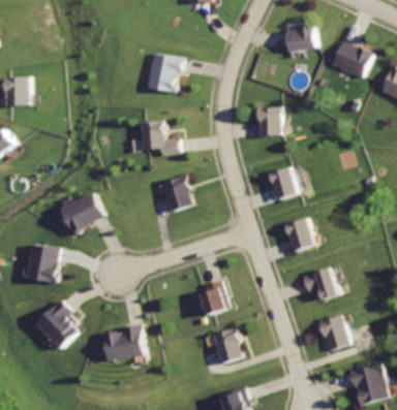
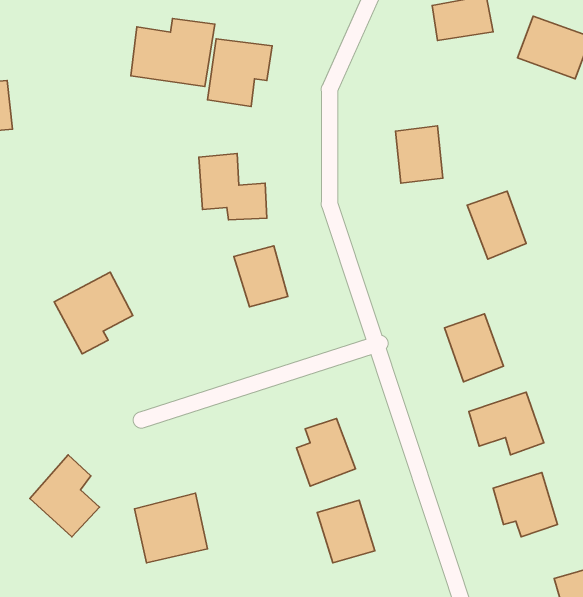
building: none -> [131,18,215,87]
building: [266,163,301,203] -> [467,191,526,259]
building: [26,244,60,282] -> none

